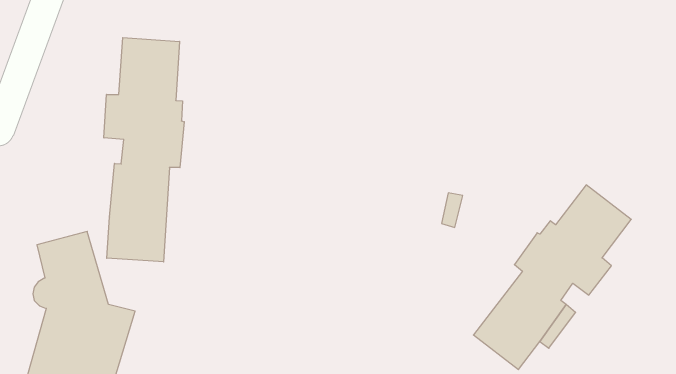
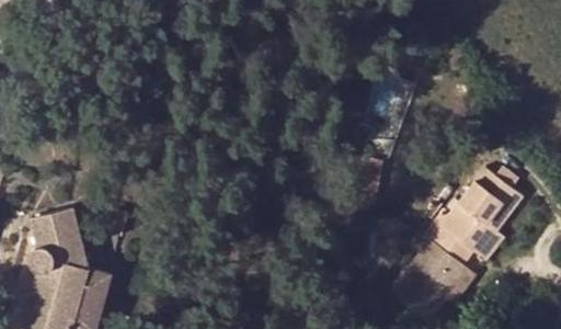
building: [104,38,184,262] -> none

